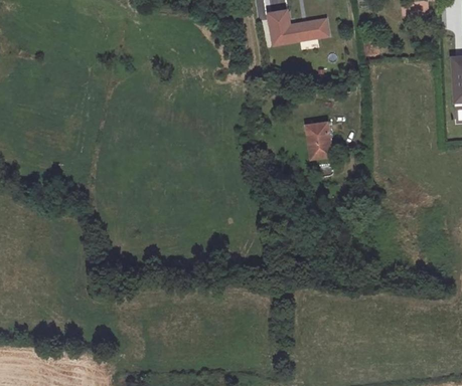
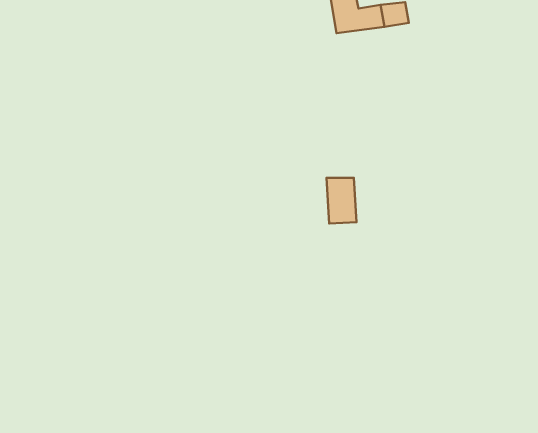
building: [308,119,331,154] -> [327,178,356,223]

